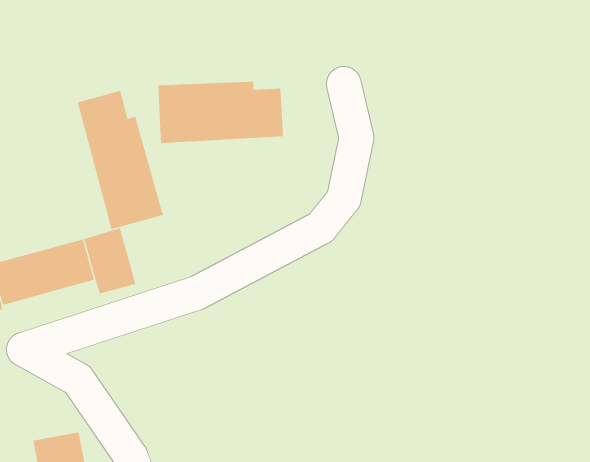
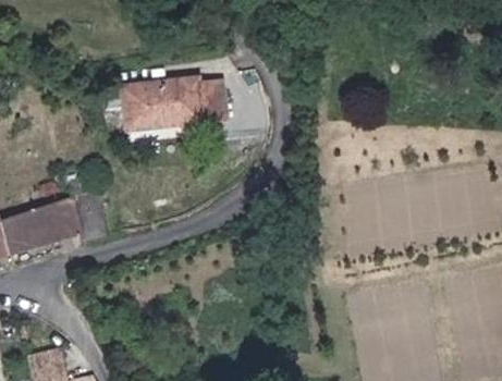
building: [77,90,163,230] -> none

